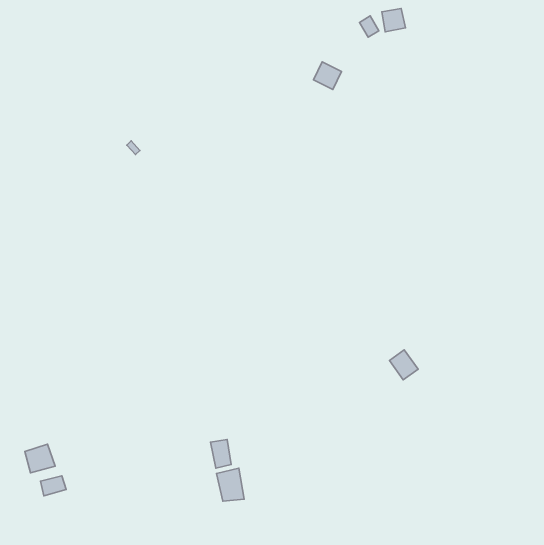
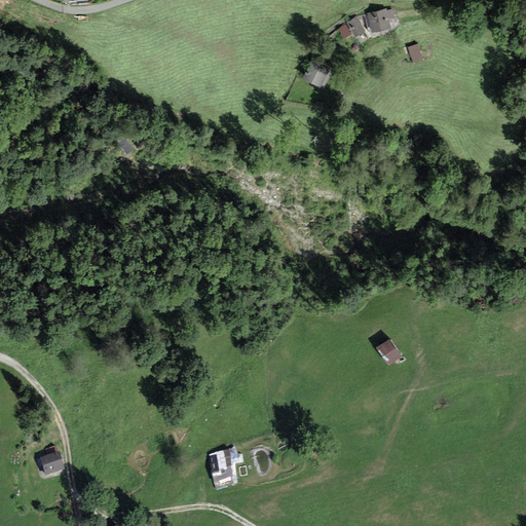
building: [210,439,231,468] -> none
building: [25,444,55,473] -> none

